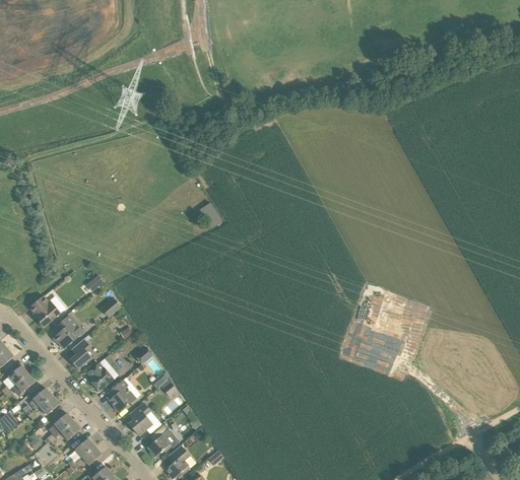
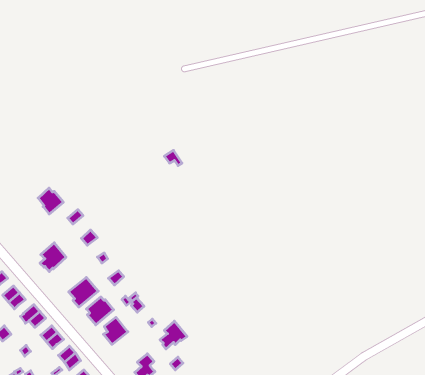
building: [29,295,60,327] -> [38,188,63,214]
building: [69,339,92,369] -> none
building: [146,424,179,458] -> [160,321,187,349]

